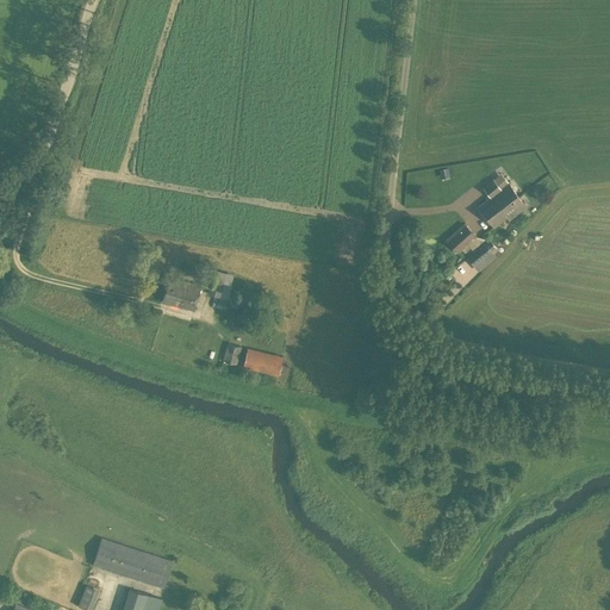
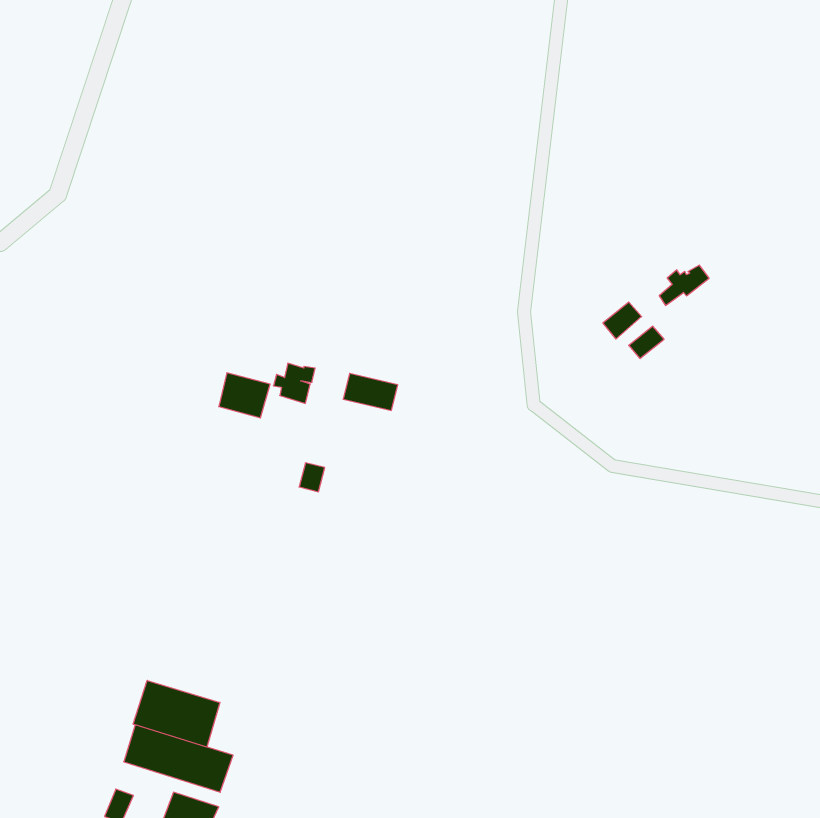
building: [479,181,519,222] -> none
building: [243,350,284,378] -> [343,373,398,410]
building: none -> [133,680,220,747]

